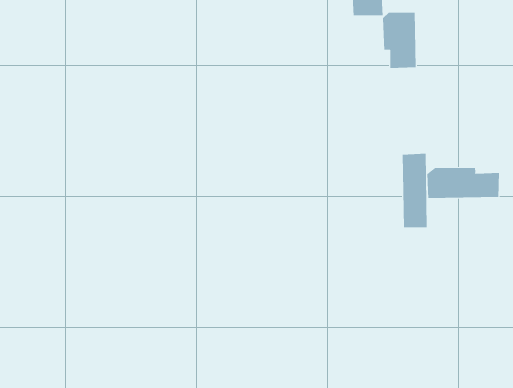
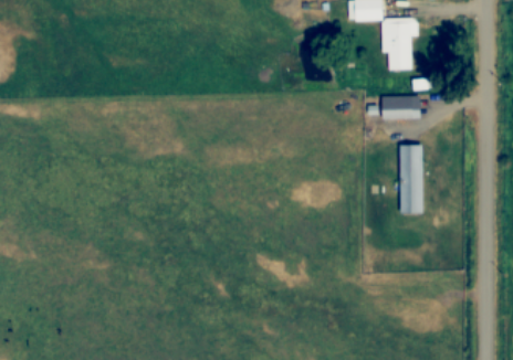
building: none -> [383,96,420,118]
building: [427,167,499,199] -> none

